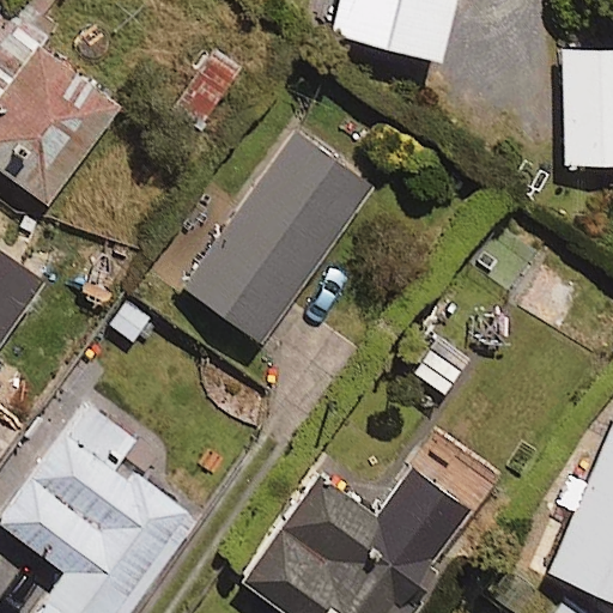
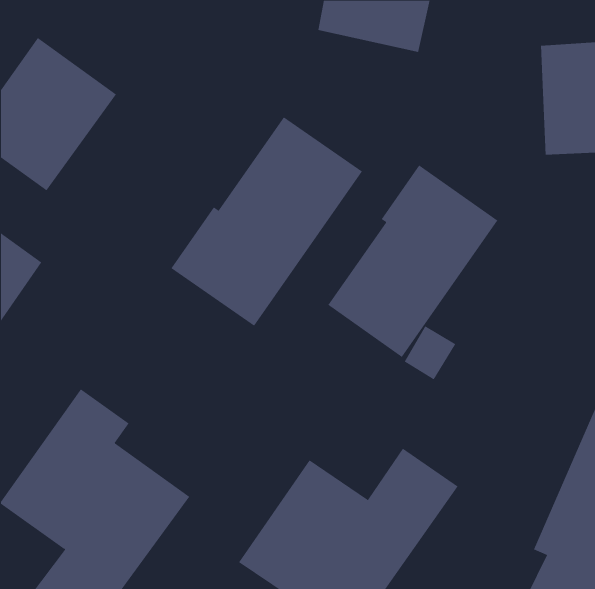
building: none -> [328,165,498,358]

